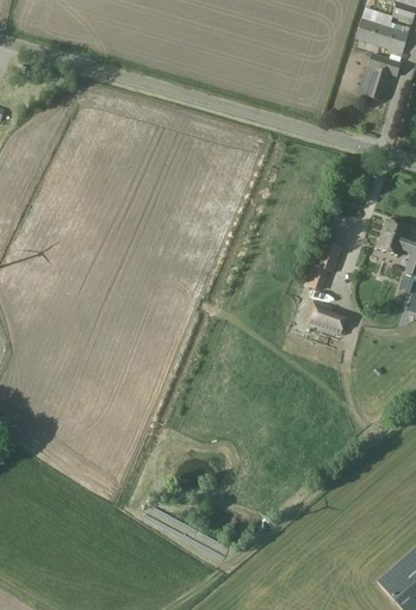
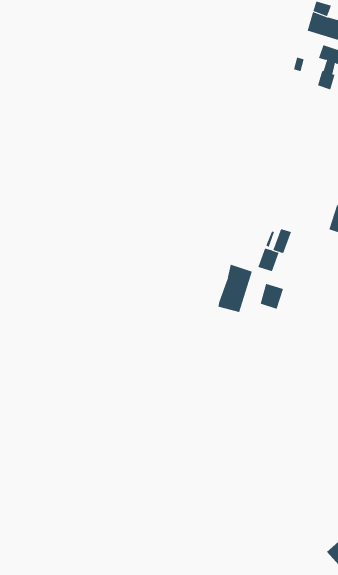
building: none -> [218,264,253,313]

